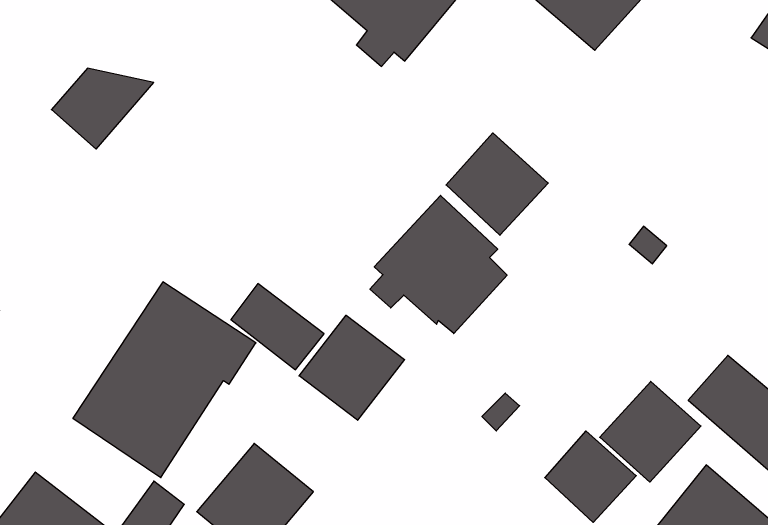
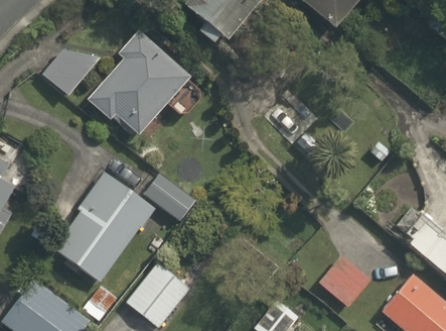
building: none -> [87,29,190,134]
building: [370,195,507,334] -> none
building: [299,315,405,420] -> none
building: [600,381,701,482] -> none

